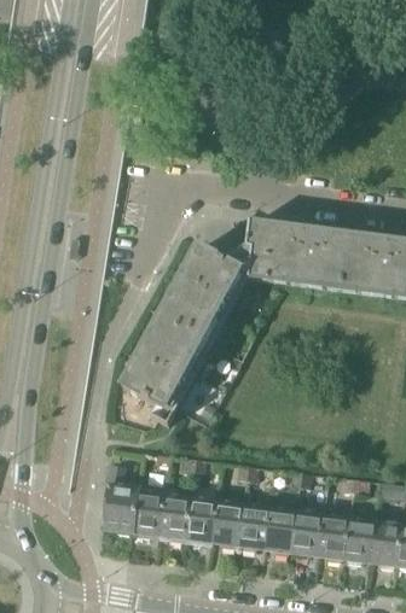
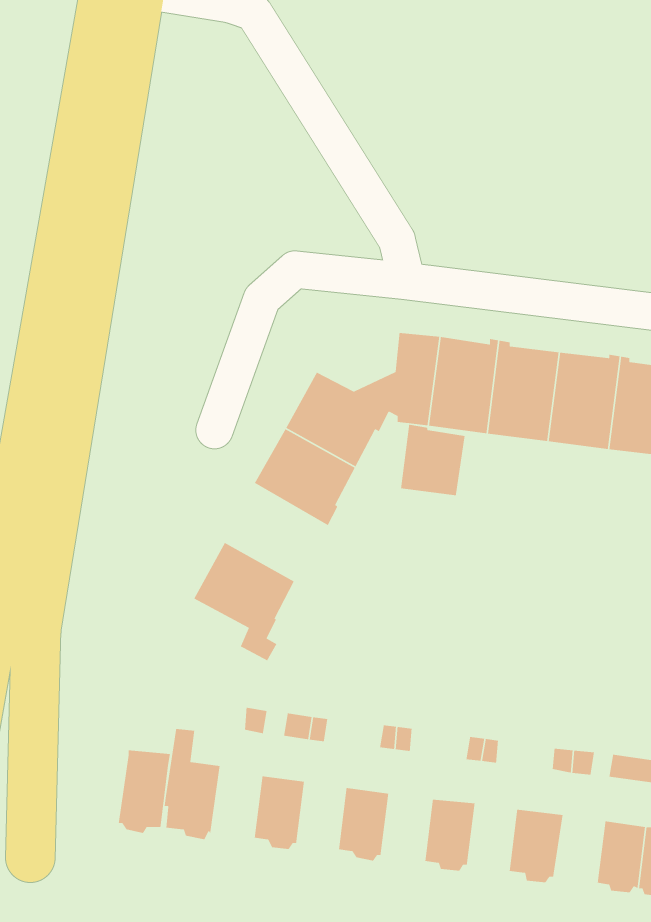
building: none -> [400,424,465,496]
building: [141,314,205,374] -> none
building: [133,484,166,536] -> [118,749,171,834]
building: [186,497,216,542] -> none
building: [238,504,269,549] -> none
building: [291,510,321,555] -> none
building: [344,518,376,562] -> none

